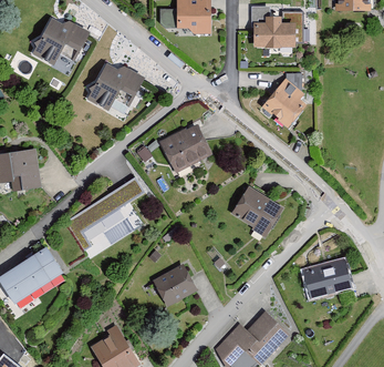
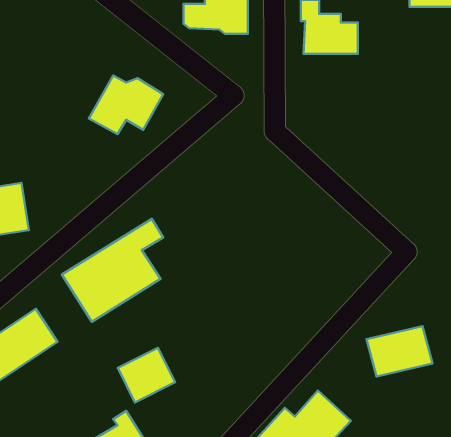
building: [32,19,89,65] -> none
building: [262,73,307,128] -> none
building: [160,123,212,171] -> none
building: [232,186,283,239] -> none
building: [153,263,197,305] -> [118,348,175,402]

